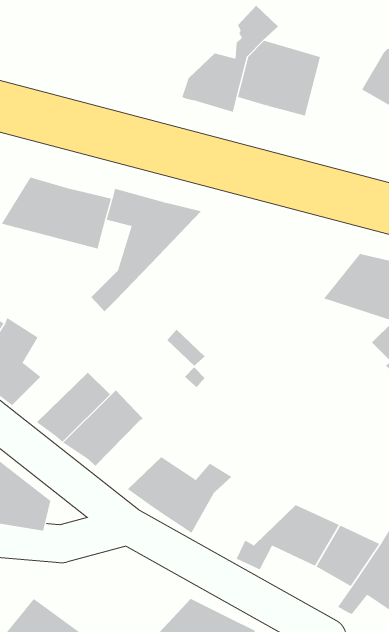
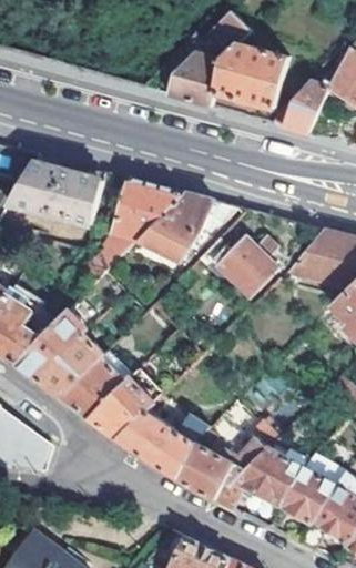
building: none -> [271,80,323,133]
building: none -> [139,193,214,261]
building: none -> [199,237,278,298]
building: none -> [17,311,89,378]
building: none -> [90,377,154,437]
building: none -> [174,439,265,498]

